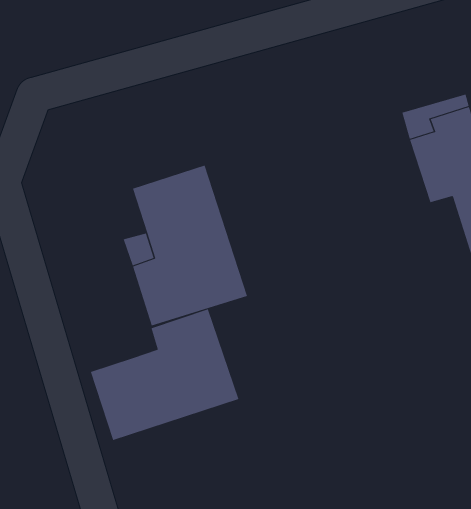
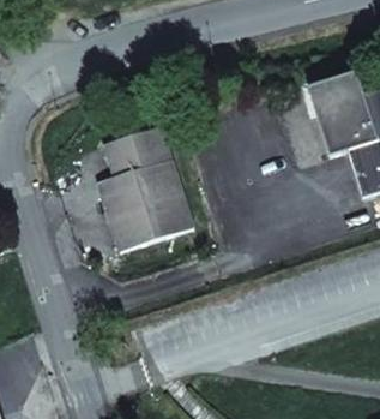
building: [90,309,239,441] -> none

